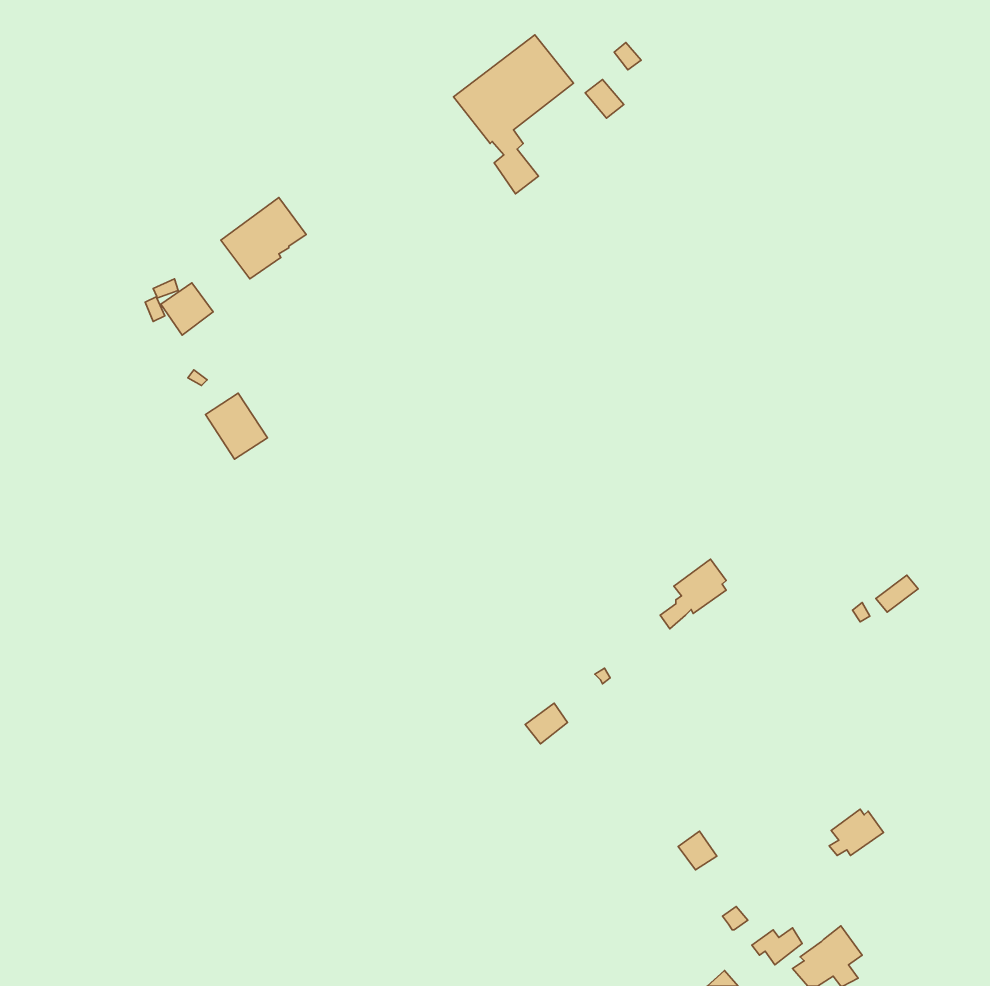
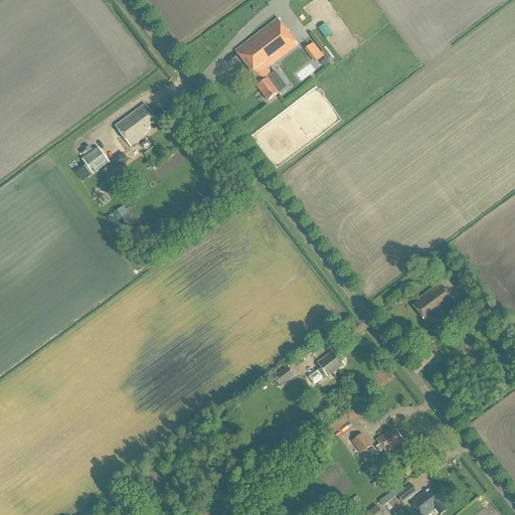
building: none -> [413,281,455,319]
building: [660,559,726,629] -> [310,347,344,383]
building: [829,809,884,856] -> [375,426,403,451]

